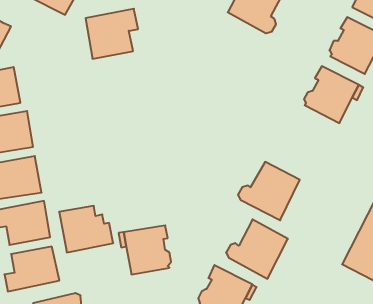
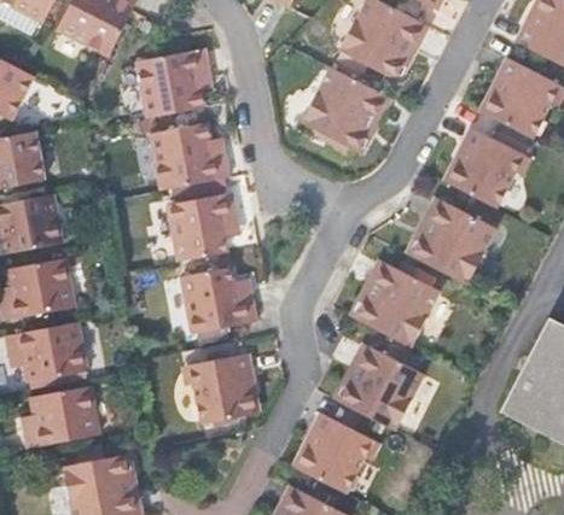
building: none -> [300,66,379,151]
building: none -> [149,119,229,188]
building: none -> [167,191,237,261]
building: none -> [403,199,493,282]
building: [59,206,113,252] -> [180,267,257,333]

